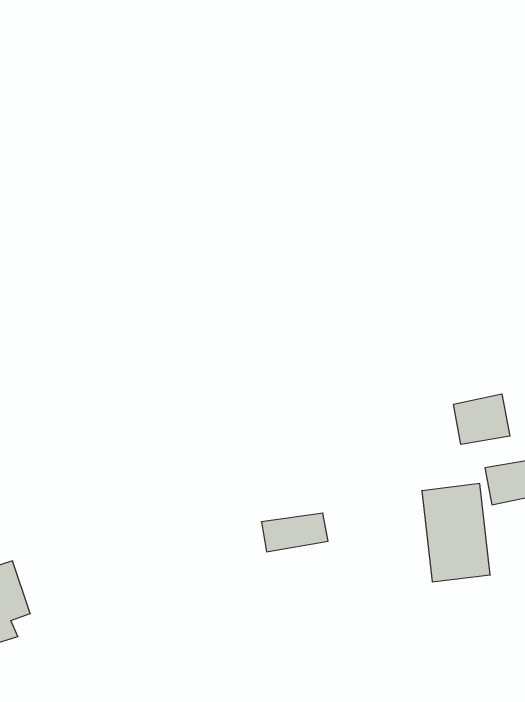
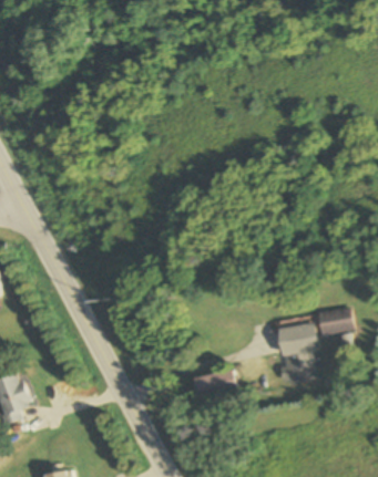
building: [454,394,510,444] -> none
building: [261,513,328,552] -> [194,371,236,395]

